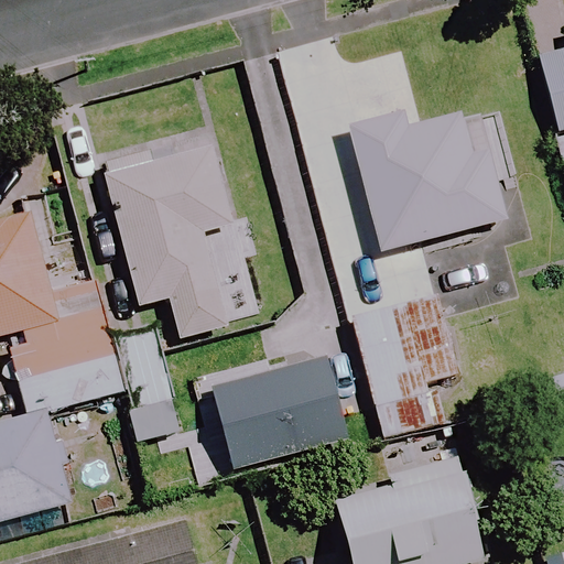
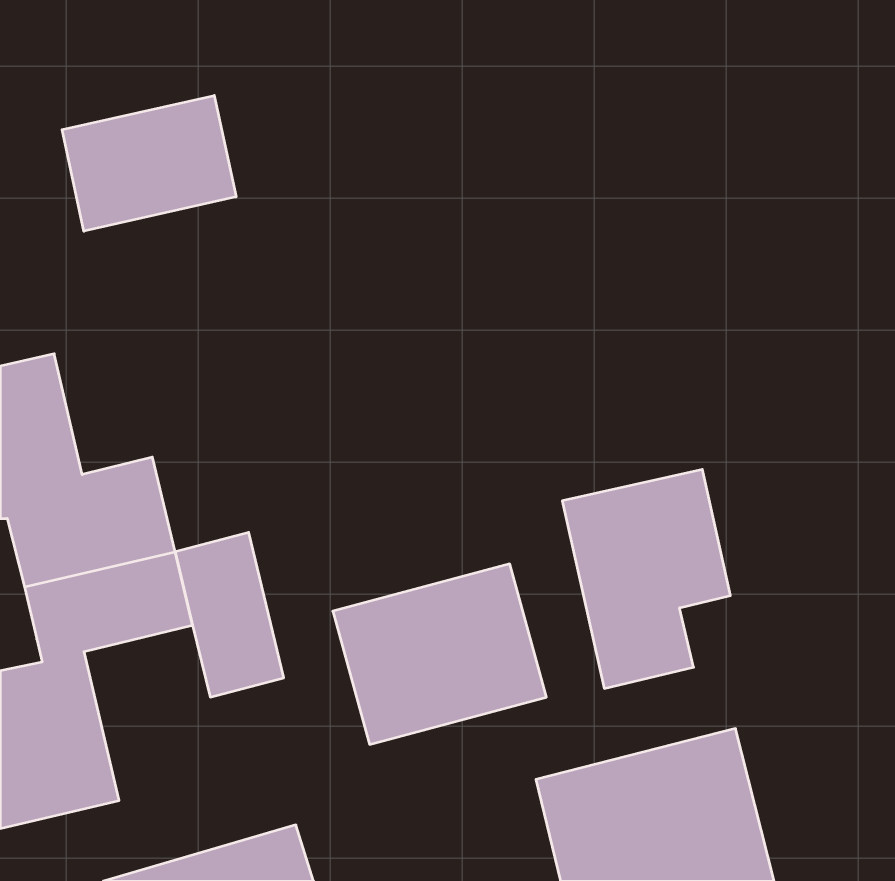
building: none -> [62,95,236,231]
building: [350,108,506,252] -> none
building: [106,143,230,337] -> none

